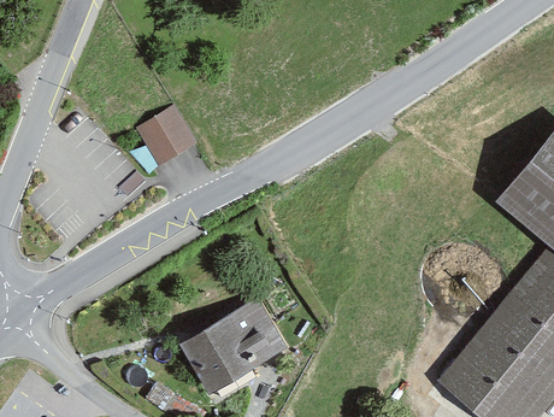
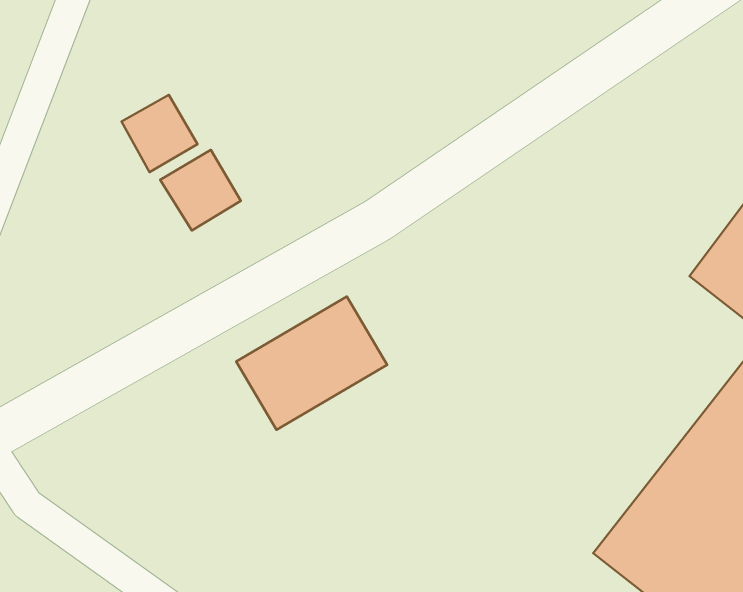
building: none -> [121,95,197,172]
building: [182,301,285,393] -> [236,297,387,430]

